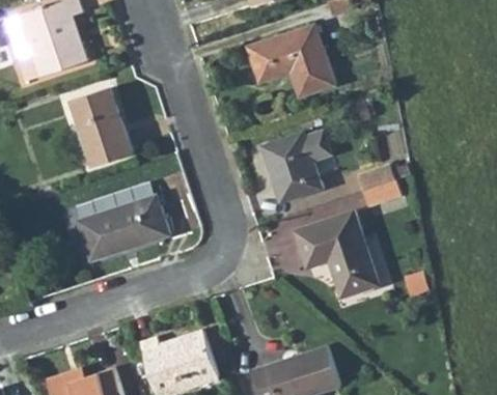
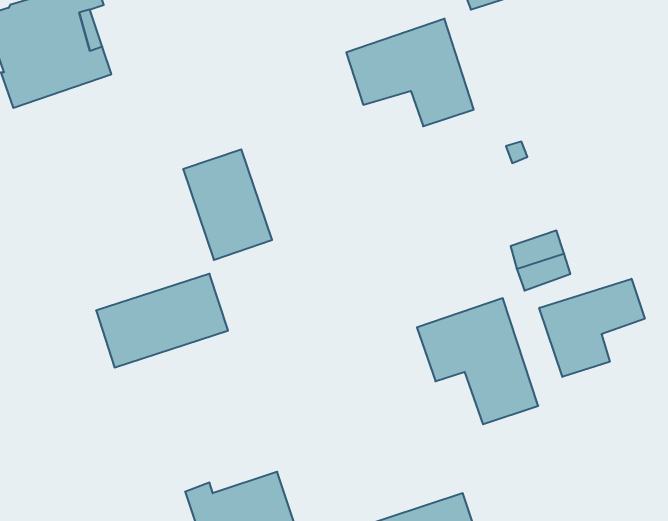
building: [74,89,134,164] -> [183,149,272,260]
building: [264,132,333,203] -> none
building: none -> [539,279,645,377]

